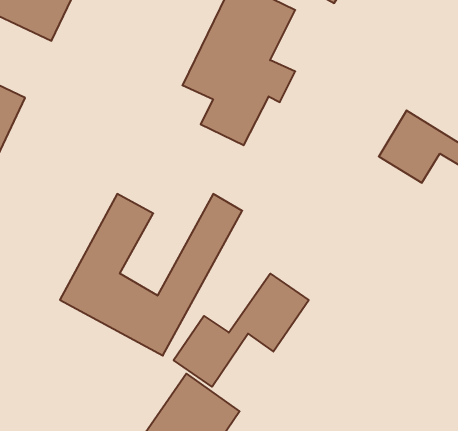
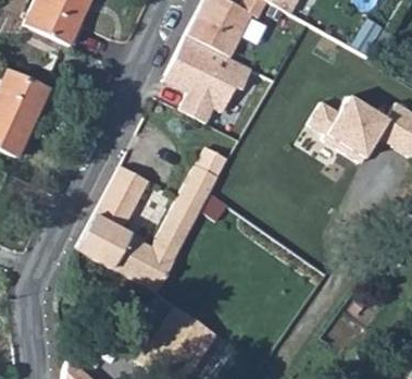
building: [174,274,309,387] -> none

